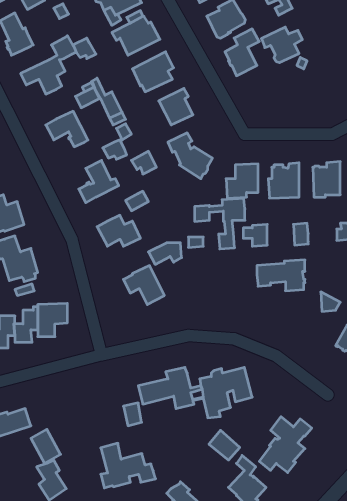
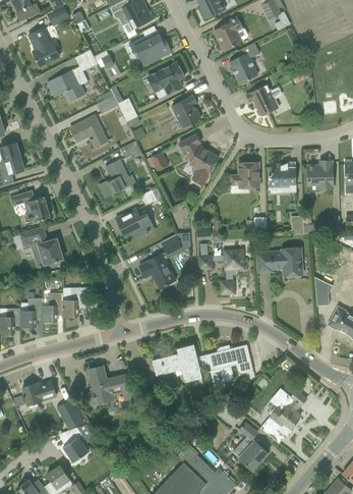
building: [261,27,302,63] -> [245,85,282,116]
building: [195,199,245,249] -> [198,250,243,294]
building: [101,443,156,488] -> [87,366,136,405]

